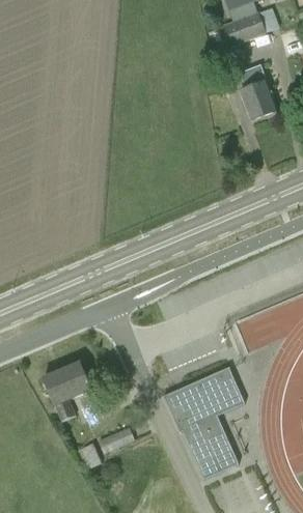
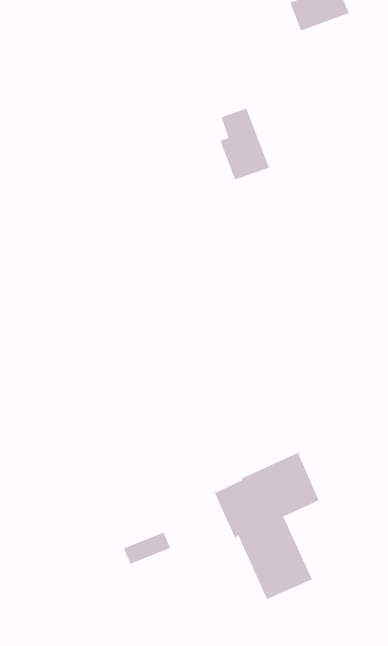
building: [239,64,277,119] -> [219,108,270,180]
building: [43,362,90,421] -> none

